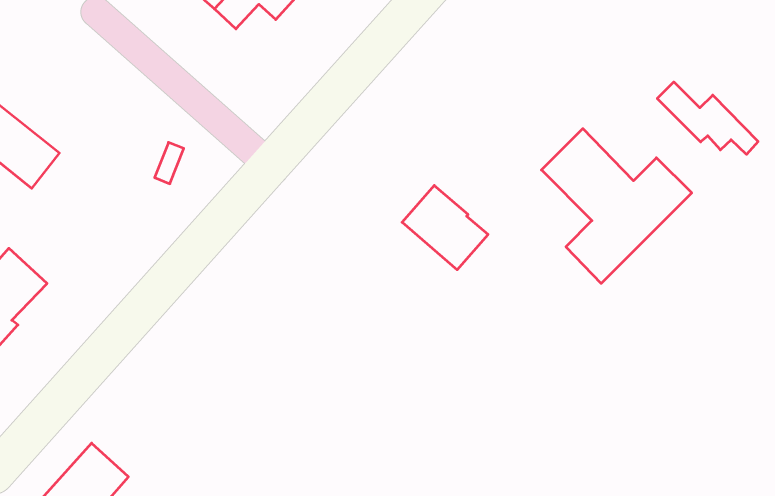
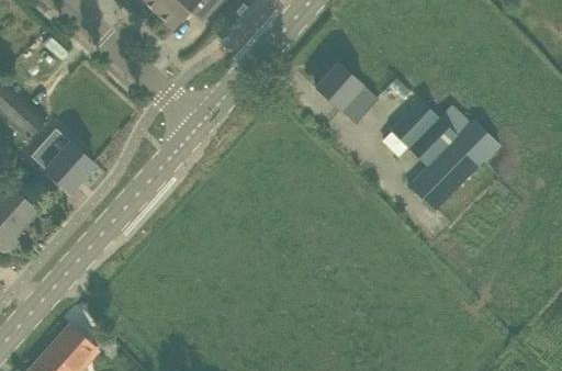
building: [657,82,758,154] -> none
building: none -> [29,138,94,191]
building: [402,185,488,270] -> [315,61,376,122]

